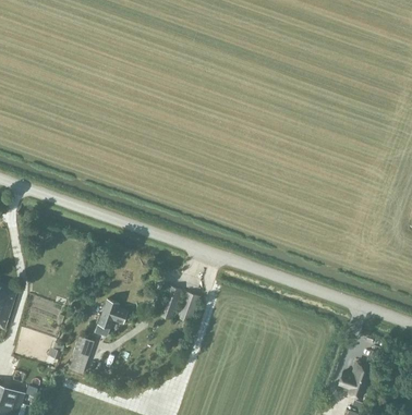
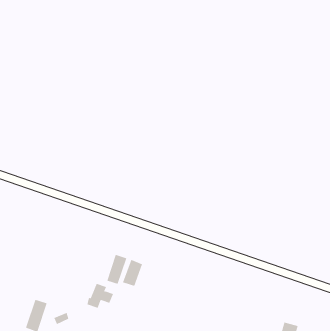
building: [97,301,128,329] -> [86,283,114,309]

